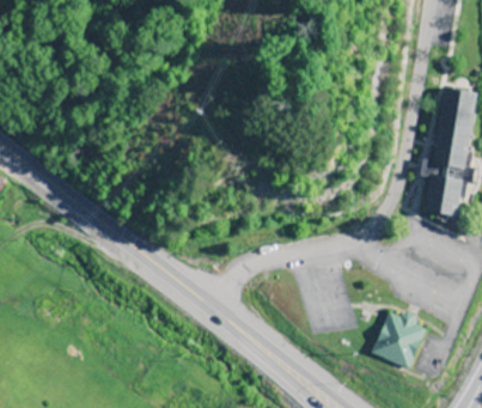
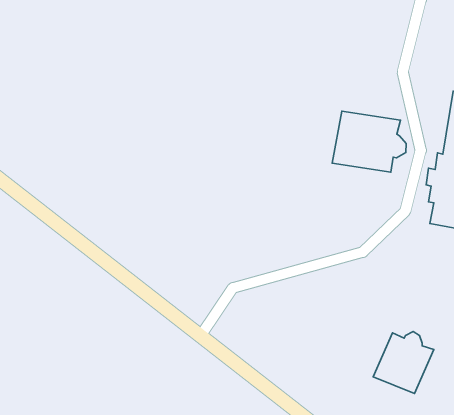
building: none -> [332,111,406,172]

